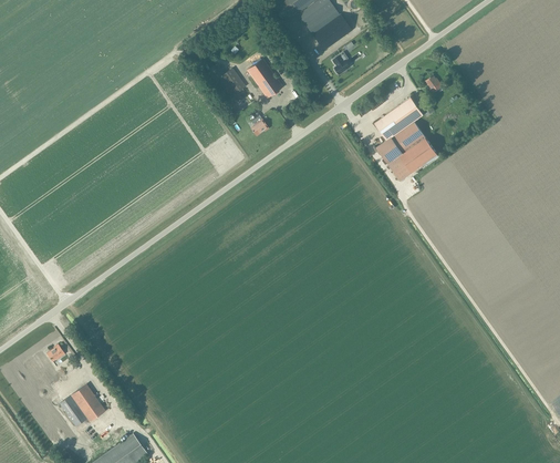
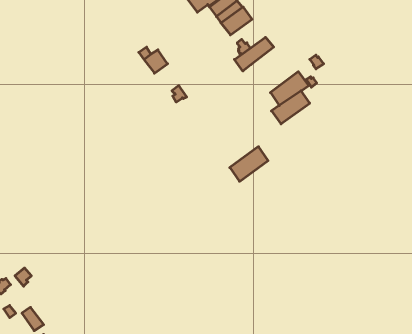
building: none -> [234,37,274,71]
building: [247,59,282,97] -> none
building: [388,136,437,181] -> [230,147,268,181]
building: [71,384,105,421] -> none

